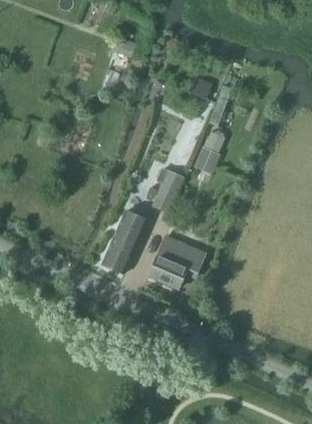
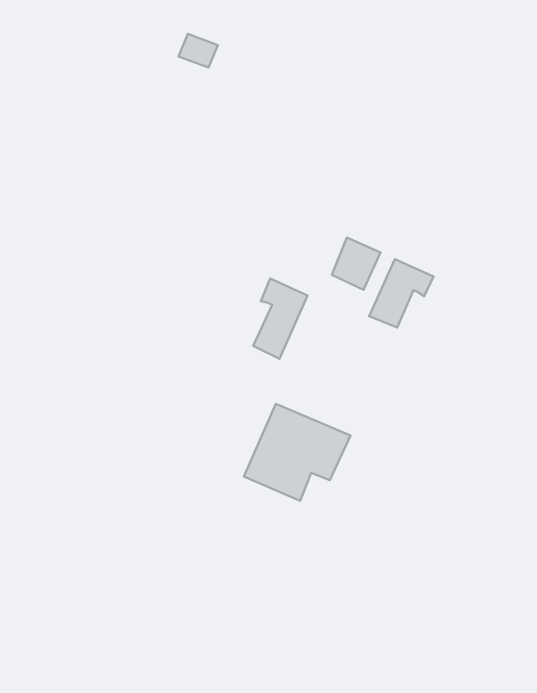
building: none -> [369,259,434,327]
building: [101,209,146,272] -> none

